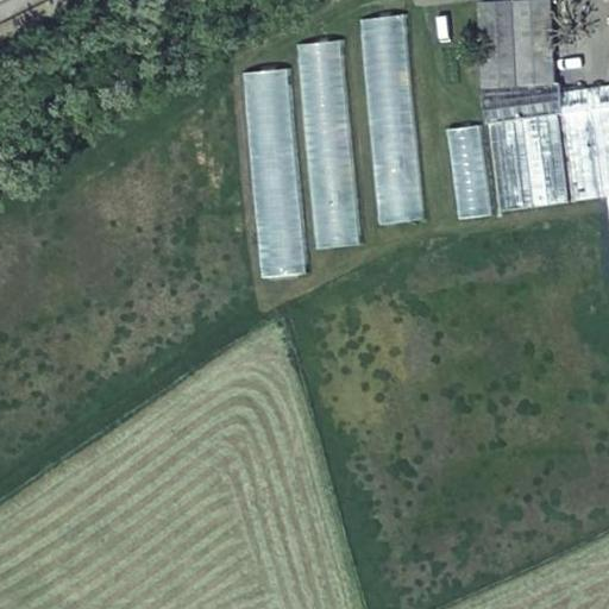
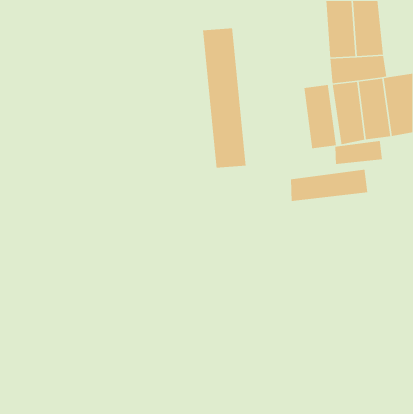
building: [356,13,426,224] -> none
building: [240,68,307,276] -> none
building: none -> [334,140,383,165]
building: none -> [290,169,368,202]

